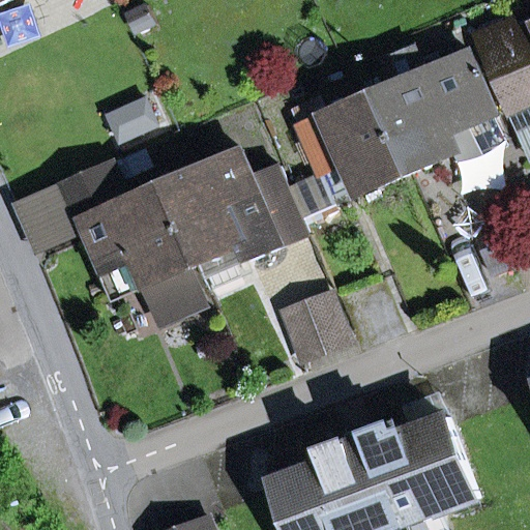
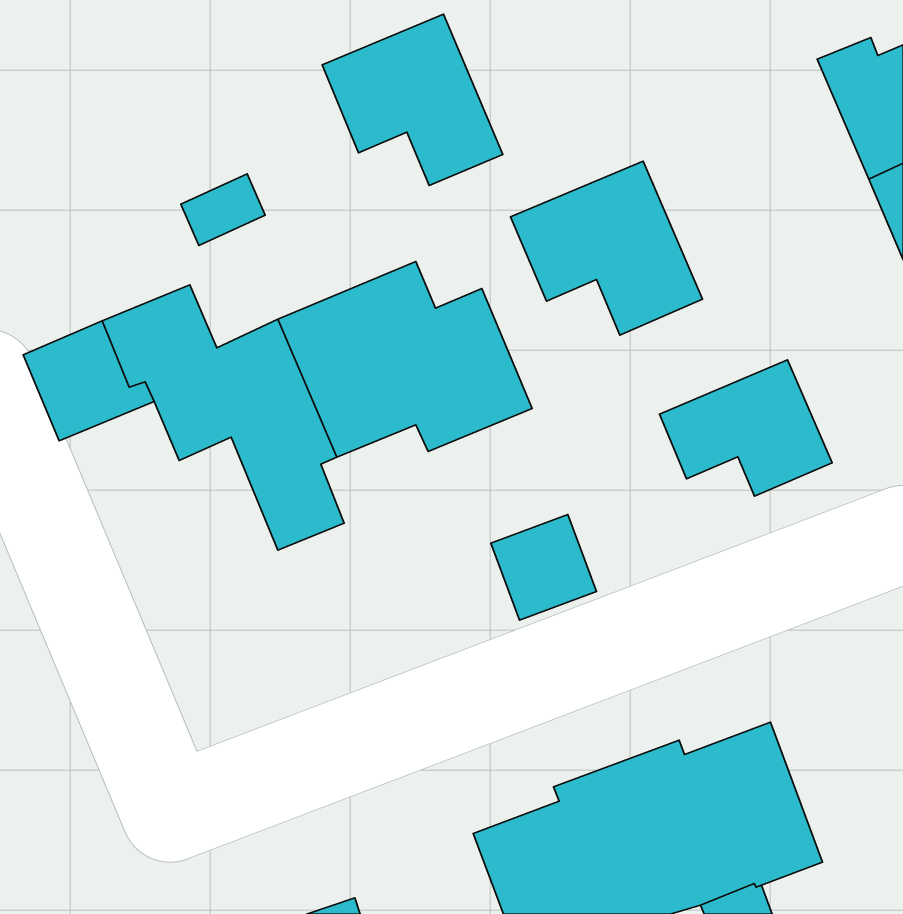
building: none -> [322,14,503,186]
building: [372,51,503,173] -> none
building: none -> [660,360,832,496]

